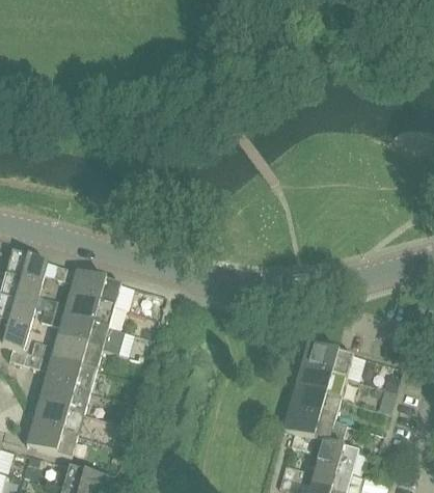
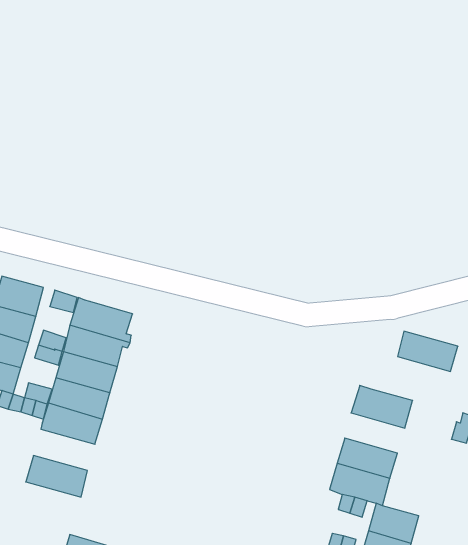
building: [298,363,348,396] -> [398,331,458,371]
building: [40,377,91,411] -> none
building: [28,420,80,456] -> none

